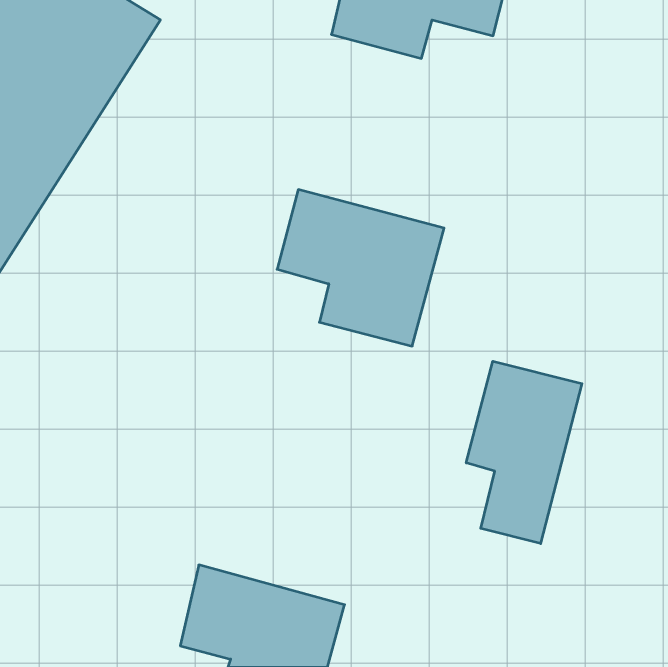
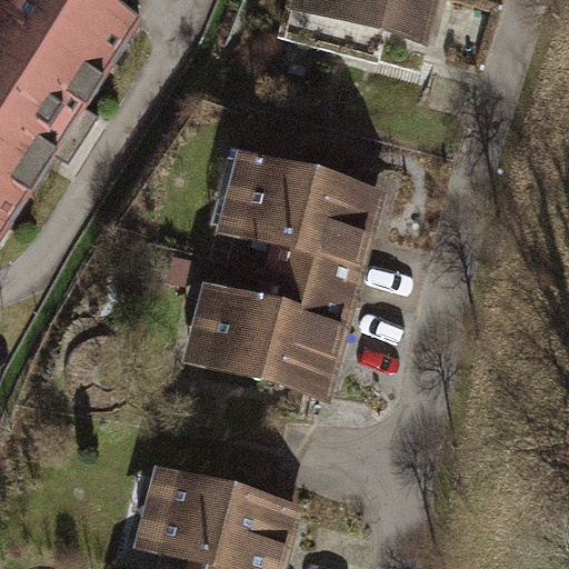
building: none -> [199,270,346,389]
building: [466,361,582,544] -> none

